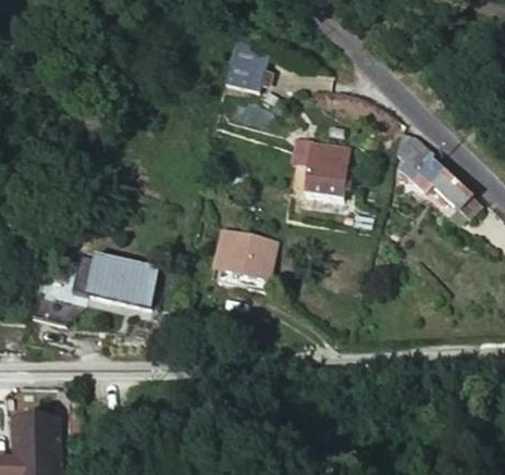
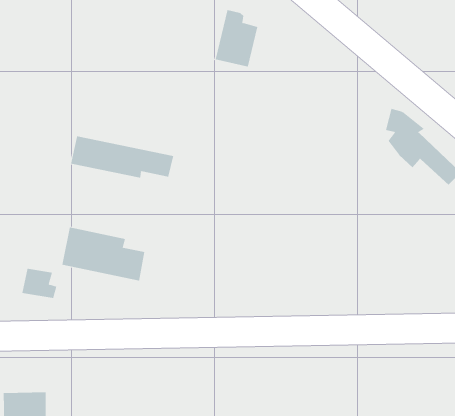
building: [294,140,353,199] -> none
building: none -> [70,135,174,179]
building: [218,228,275,287] -> none

